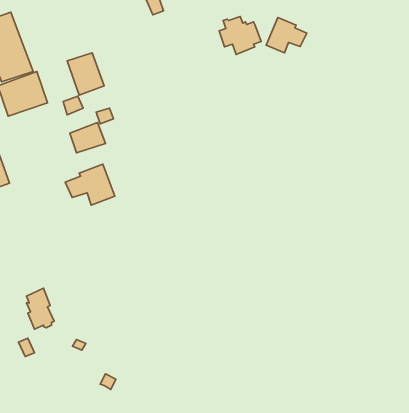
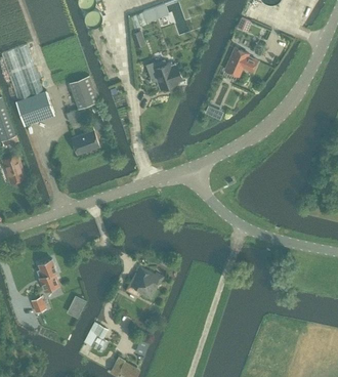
building: [219,17,261,55] -> [149,59,181,89]
building: [65,164,115,205] -> none
building: none -> [131,268,163,298]

